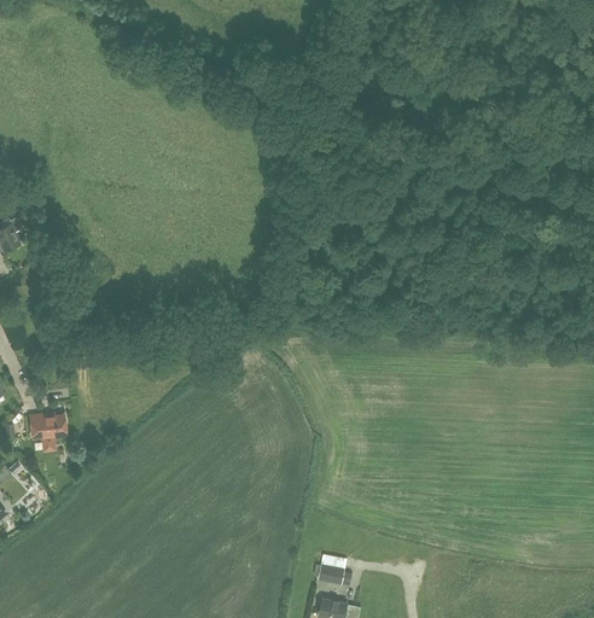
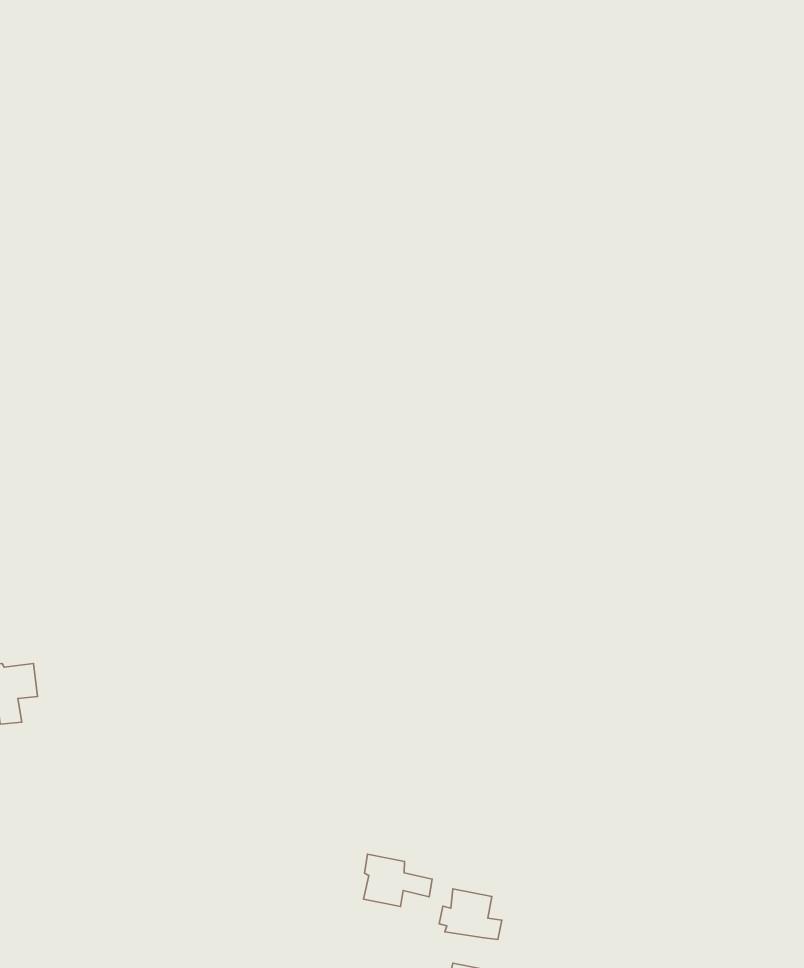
building: none -> [364,854,432,907]

